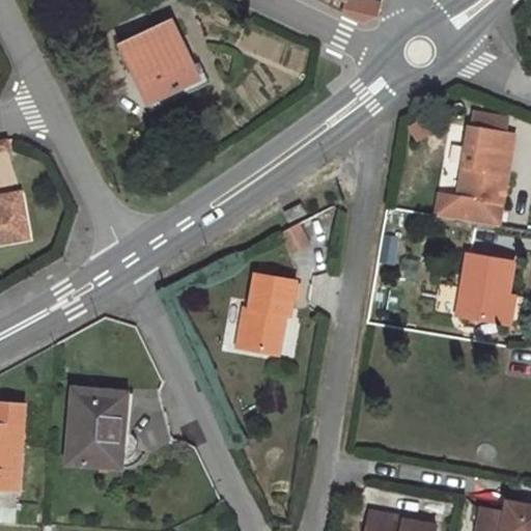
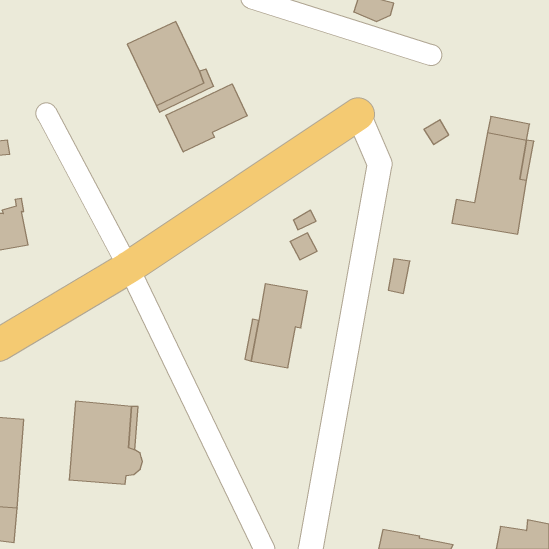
building: none -> [166,84,247,152]
building: [456,253,512,322] -> none

